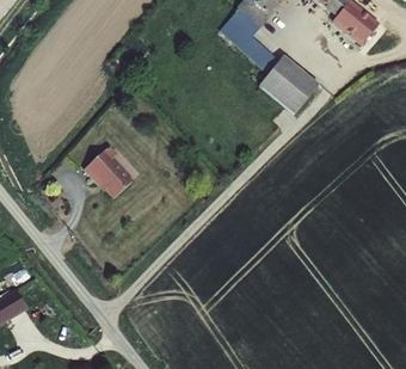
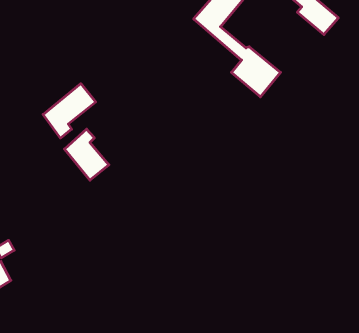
building: none -> [43,84,96,138]

